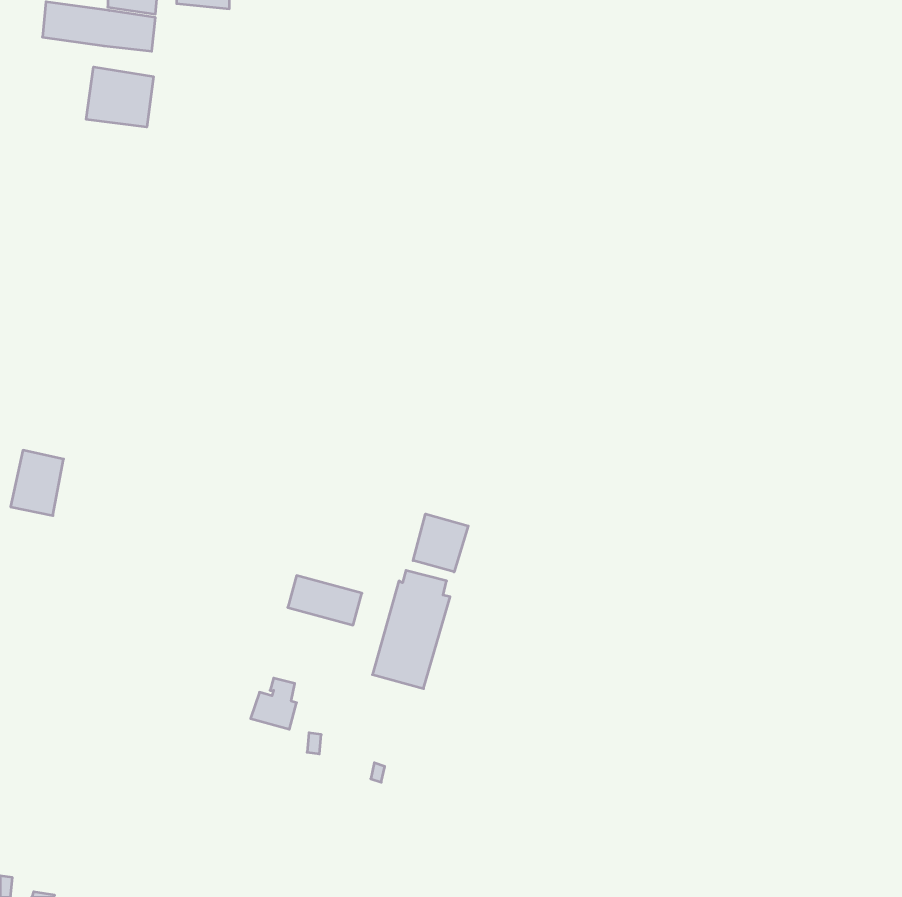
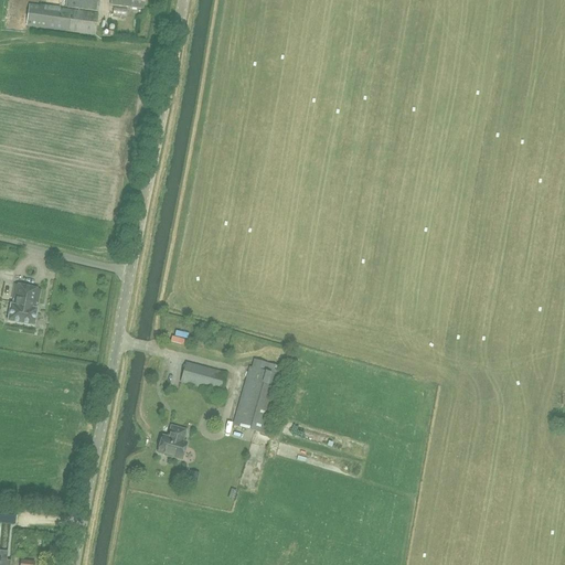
building: [86,67,153,127] -> none
building: [413,514,468,572] -> none

